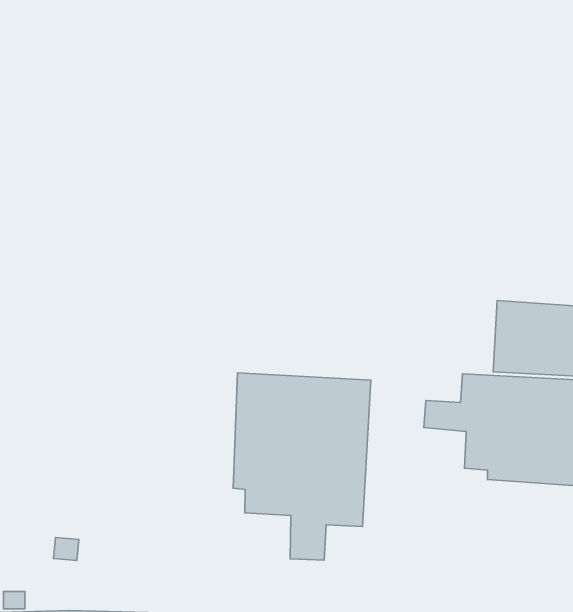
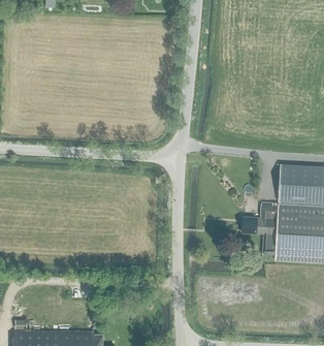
building: [233,373,371,560] -> none

